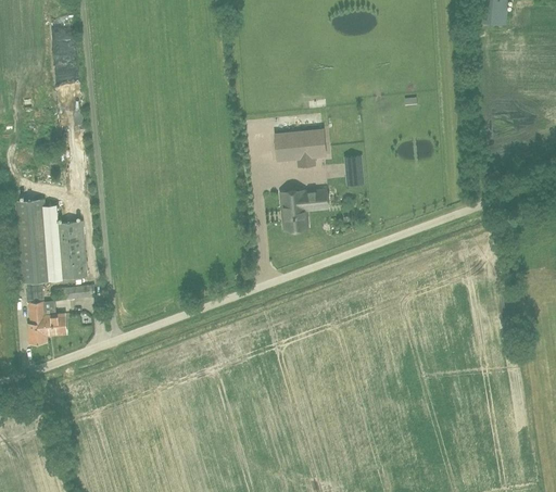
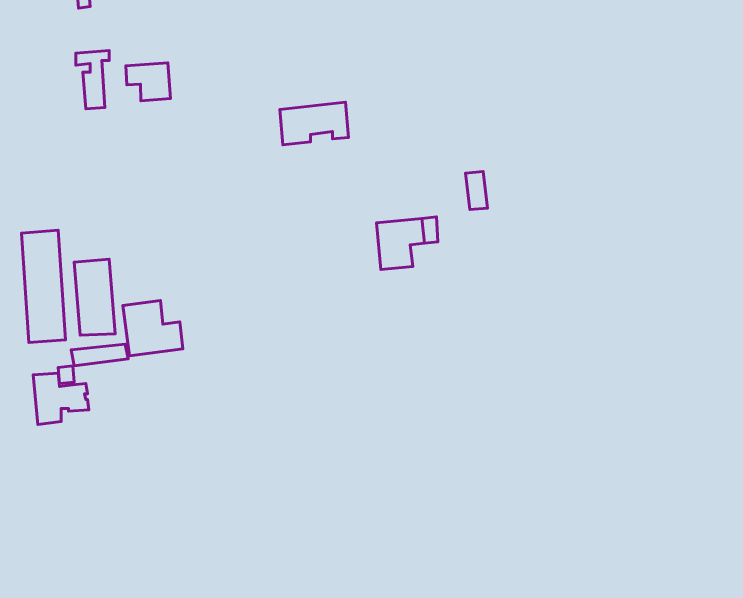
building: none -> [126,63,171,101]
building: [275,129,326,161] -> [280,102,349,145]
building: none -> [123,300,183,356]

